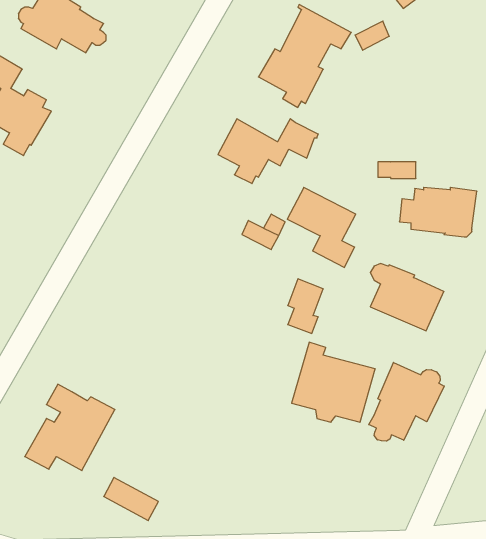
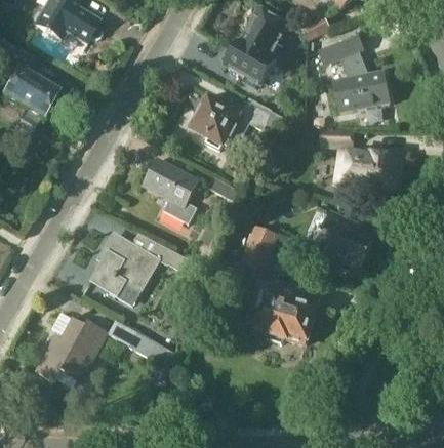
building: none -> [318,36,389,112]
building: [287,187,356,267] -> [143,158,198,222]
building: none -> [91,231,208,293]
building: [369,362,444,441] -> none
building: [104,477,158,521] -> [128,331,172,366]

